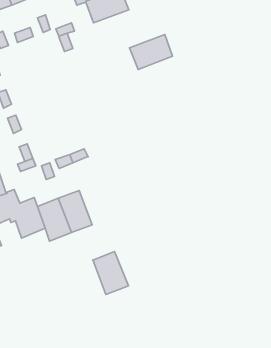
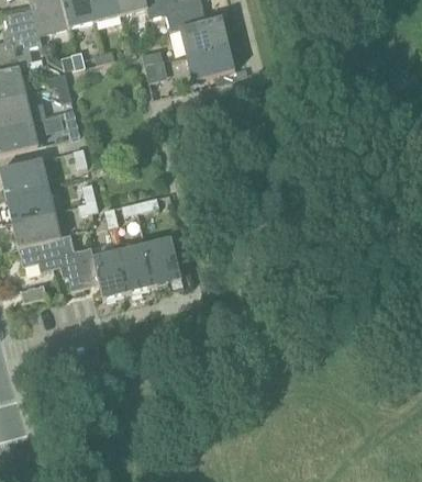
building: [129,34,173,69] -> [186,43,234,79]
building: [93,251,129,294] -> [144,237,181,285]

